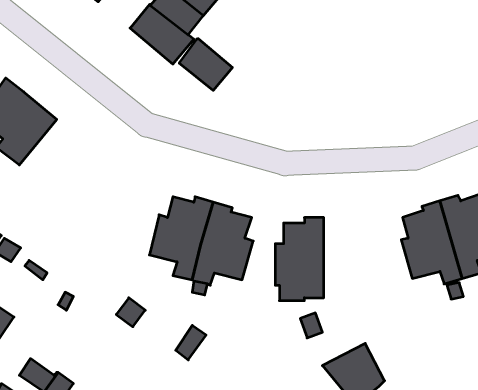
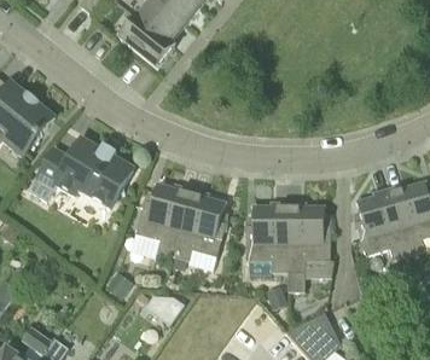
building: [179,39,232,90] -> none
building: none -> [28,135,133,207]
building: none -> [287,201,333,290]

